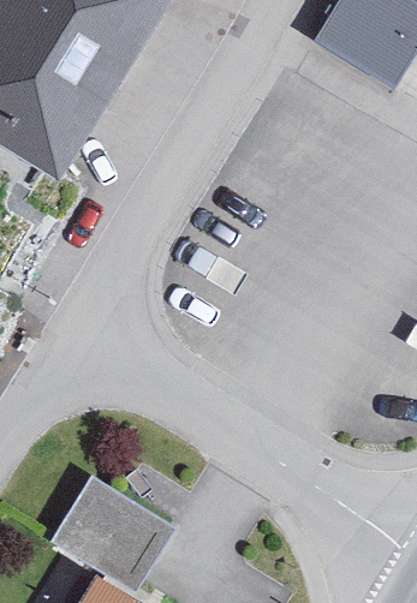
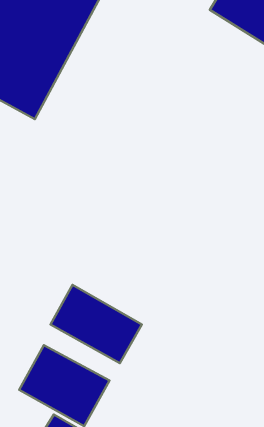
building: none -> [50,285,142,363]

